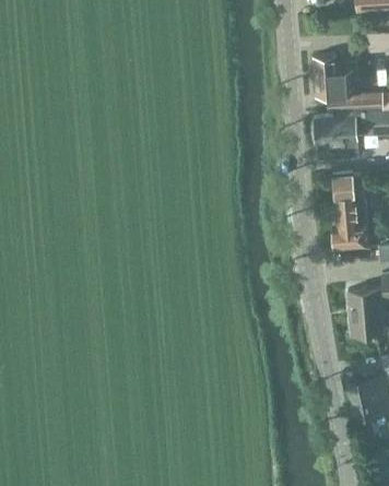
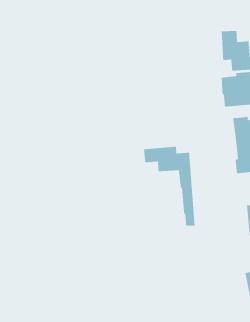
building: none -> [143,146,195,227]

